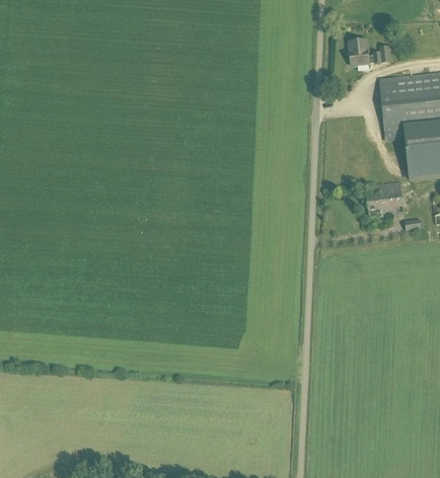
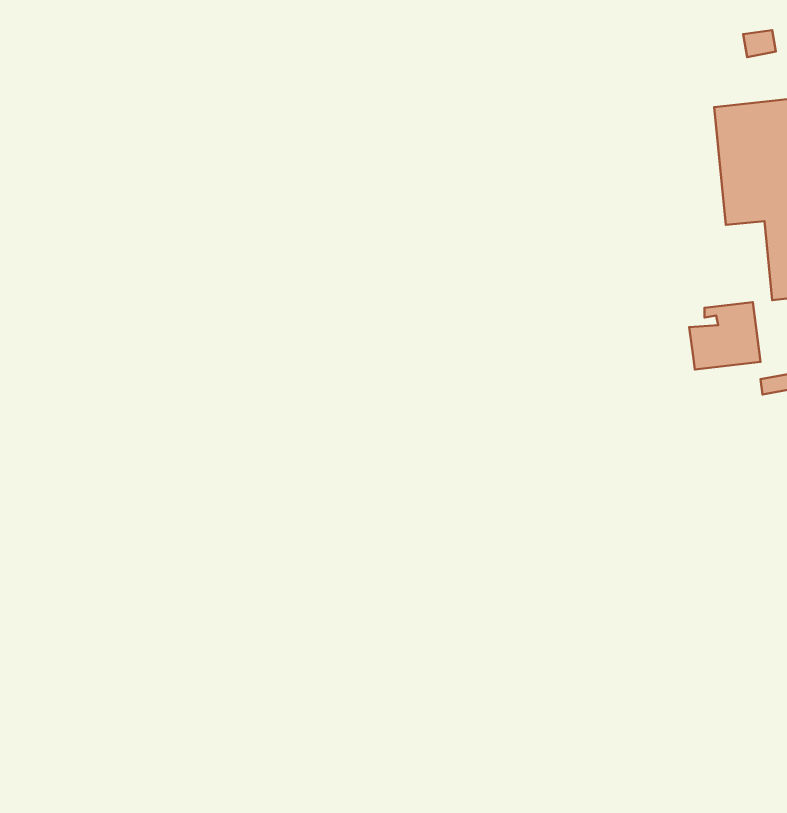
building: [348,39,390,65] -> none

